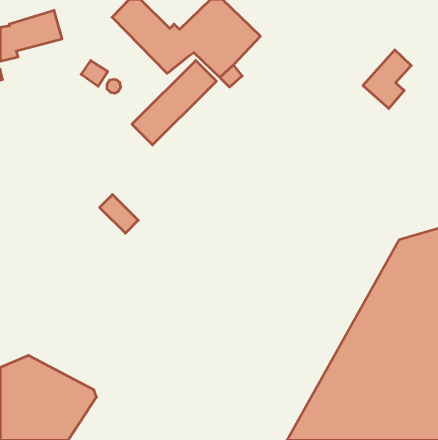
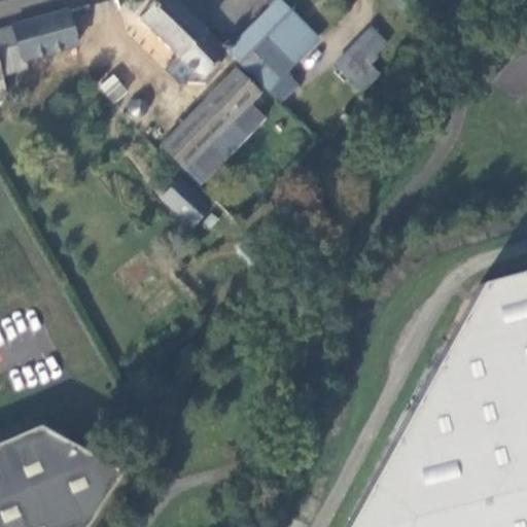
building: [363,50,411,109] -> [335,23,392,93]
building: none -> [185,107,270,188]
building: [100,194,138,233] -> [163,180,209,226]

